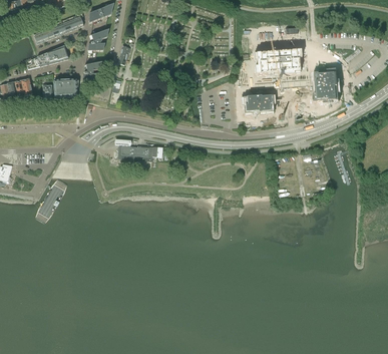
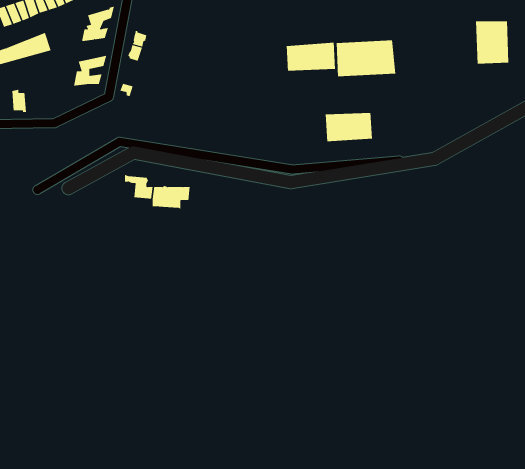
building: none -> [286,42,336,72]
building: [315,71,337,99] -> [475,21,509,64]
building: [52,78,77,96] -> none

